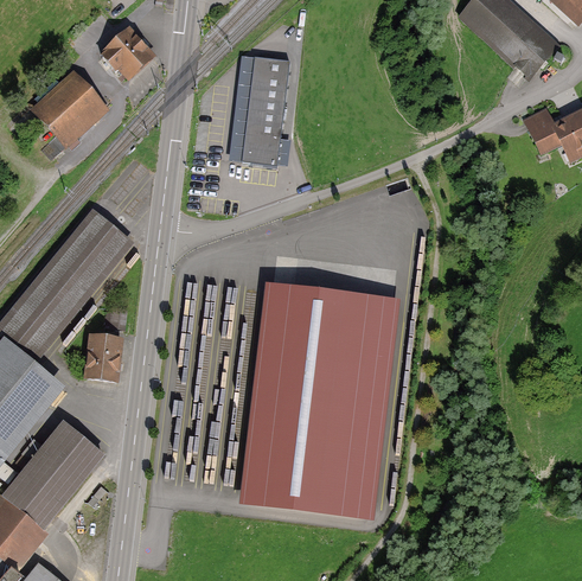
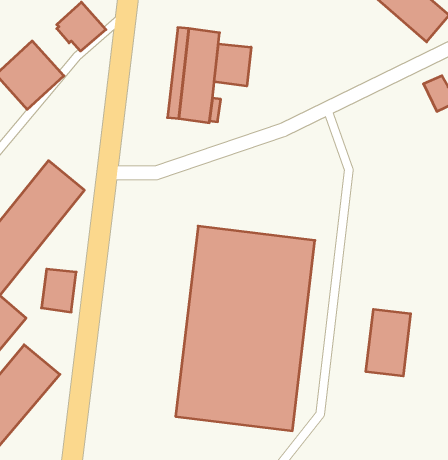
building: none -> [214,44,251,86]
building: none -> [366,309,411,376]

